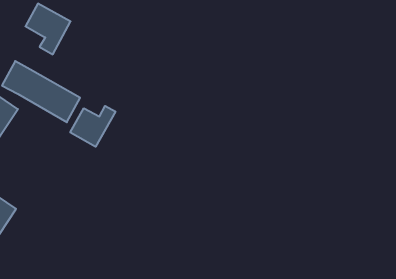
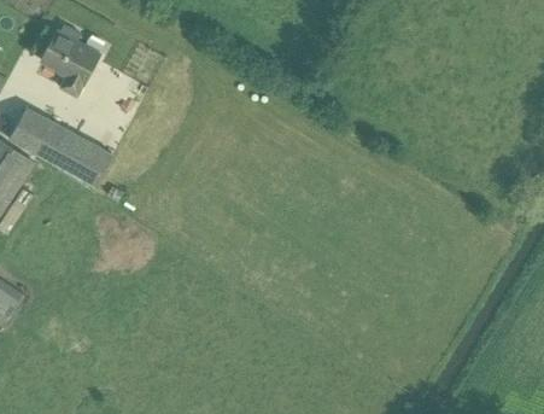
building: [70,106,115,147] -> none

